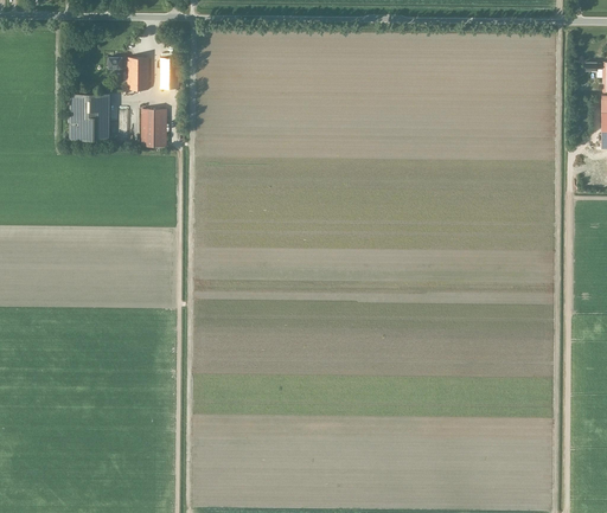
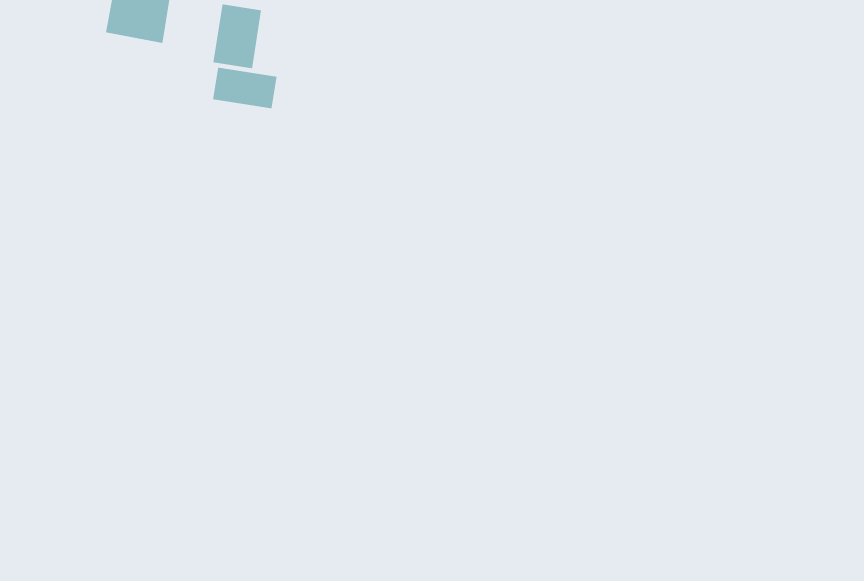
building: none -> [213,67,277,109]

